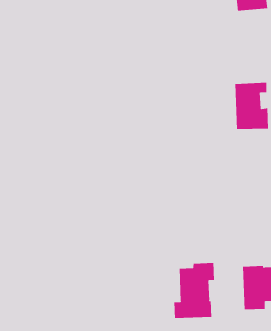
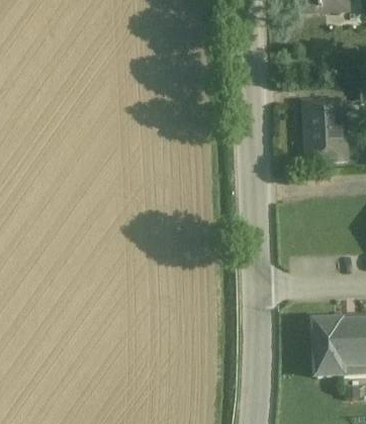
building: [174,262,215,319] -> none

